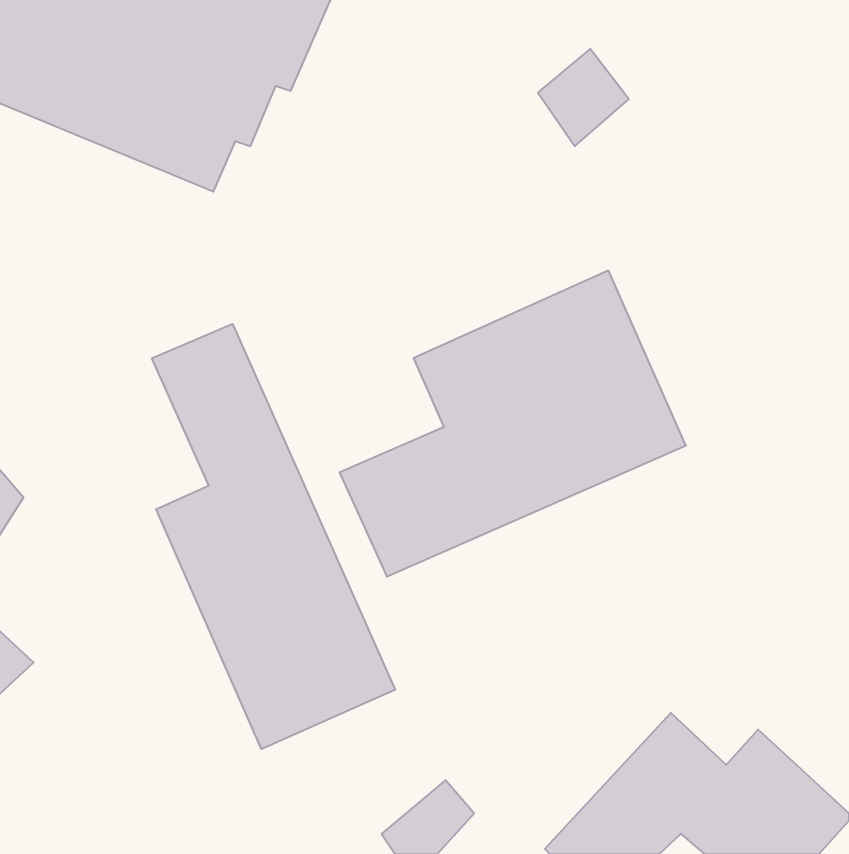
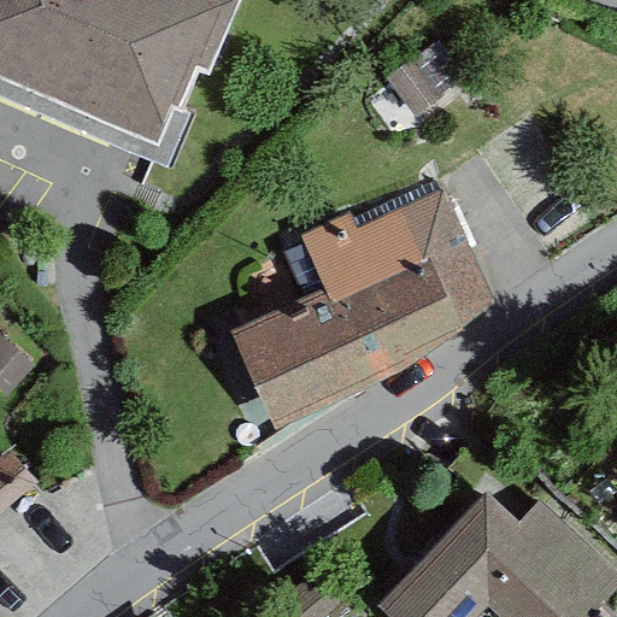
building: [152,324,395,749] -> none

